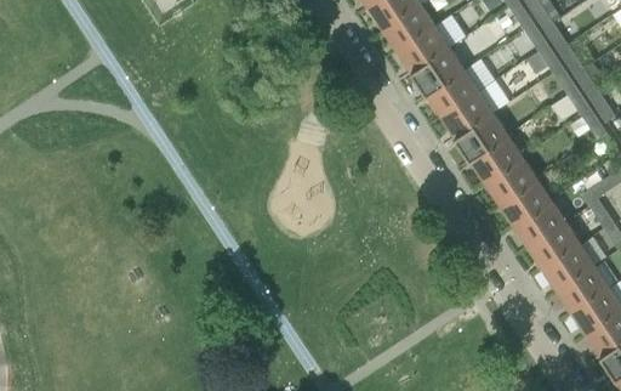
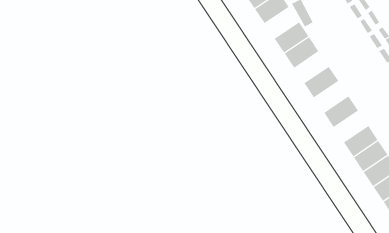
building: [398,26,450,73] -> none
building: [441,81,509,138] -> none
building: [471,135,523,182] -> none
building: [500,178,552,226] -> none

